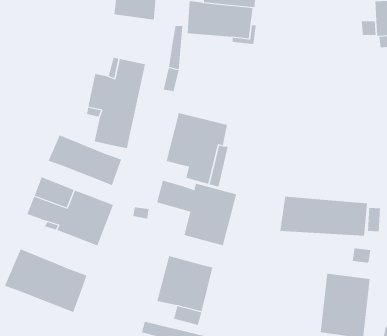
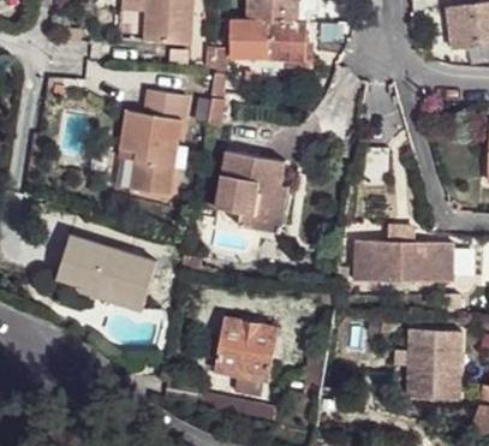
building: [48,135,122,186] -> none
building: [157,180,237,246] -> none
building: [4,248,87,313] -> none

